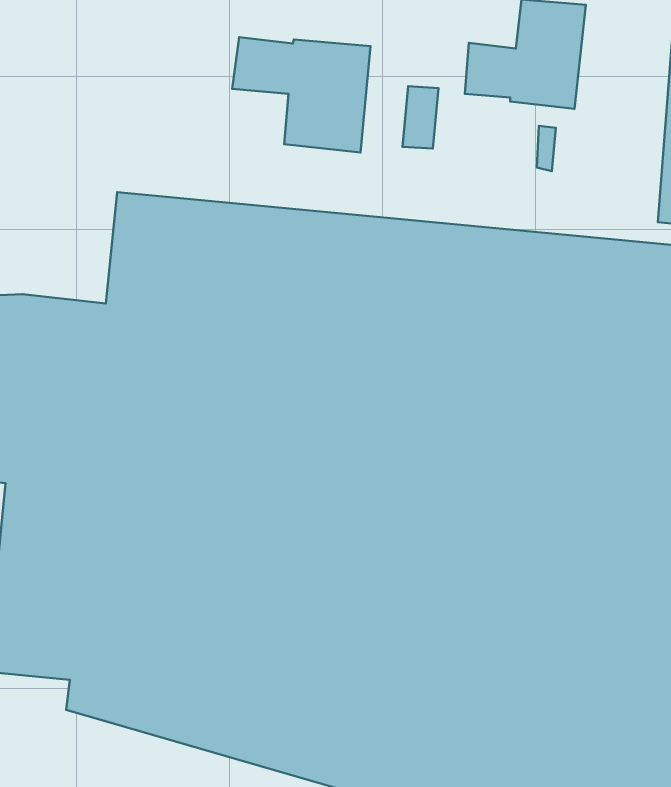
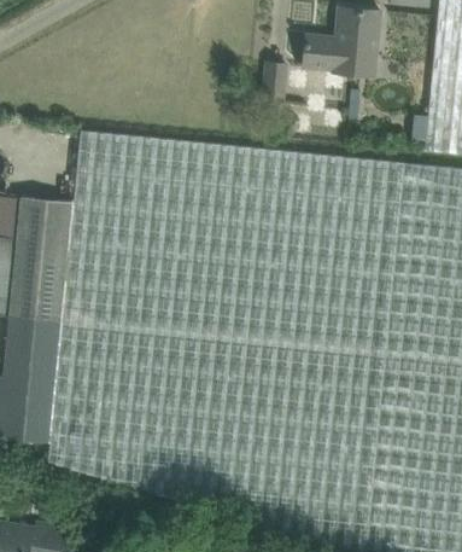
building: [232,37,370,153] -> none

